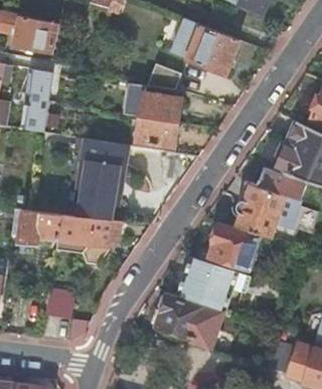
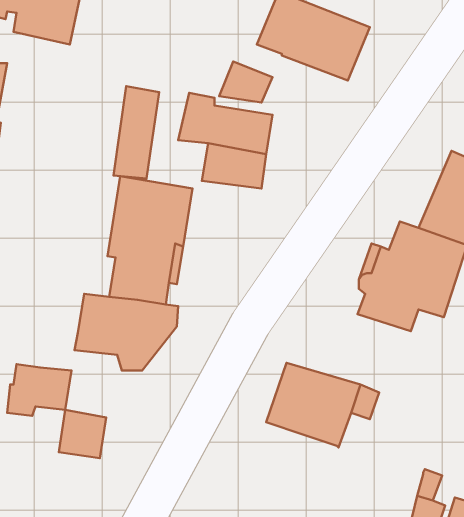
building: [21,67,50,127] -> [113,86,159,179]
building: [19,208,60,241] -> [7,364,72,416]
building: [209,223,259,268] -> none
building: [155,294,222,349] -> none

